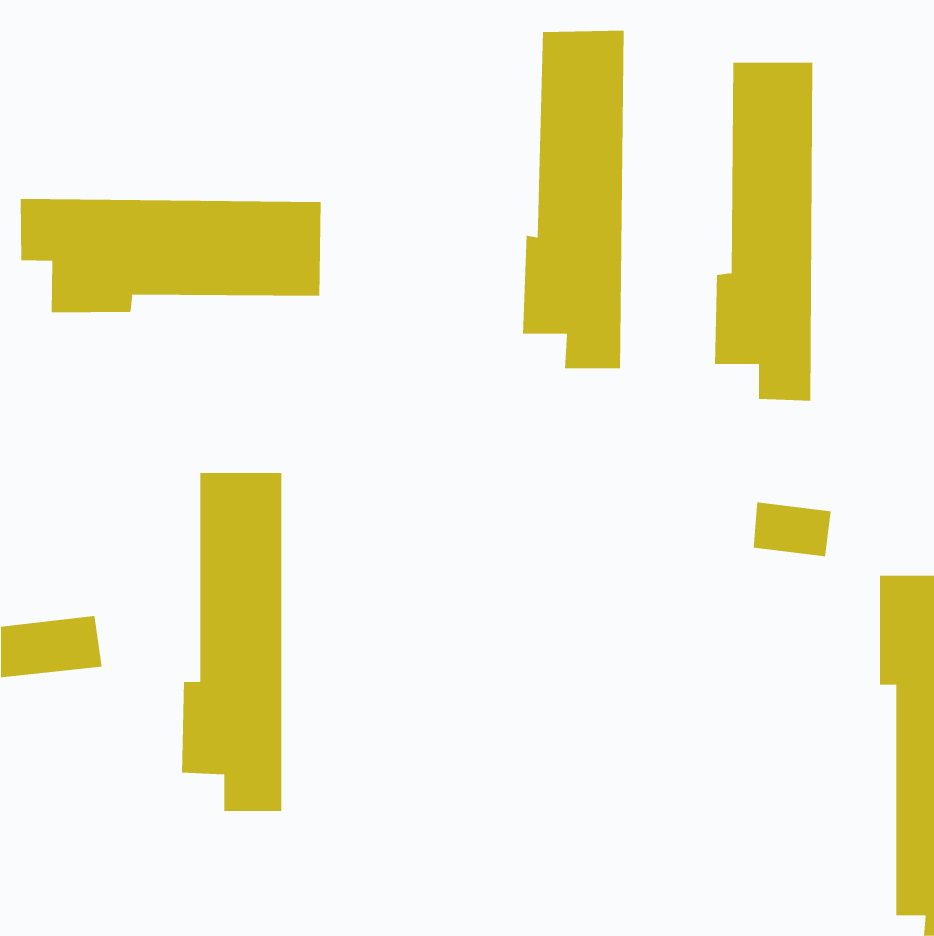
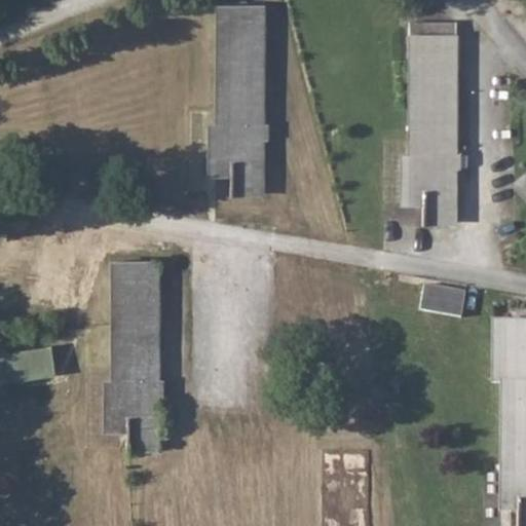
building: [522,30,625,369] -> [209,5,266,195]
building: [20,198,321,313] -> none

